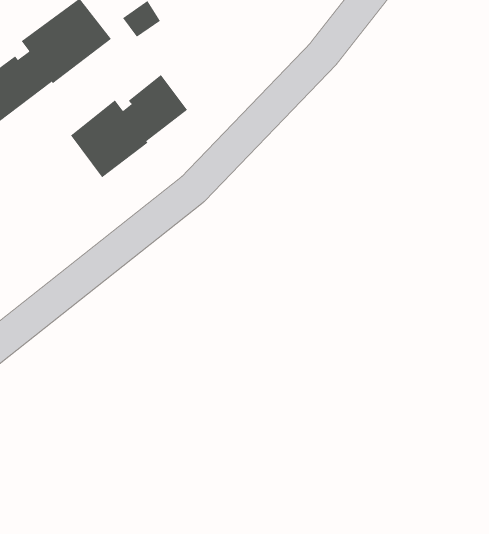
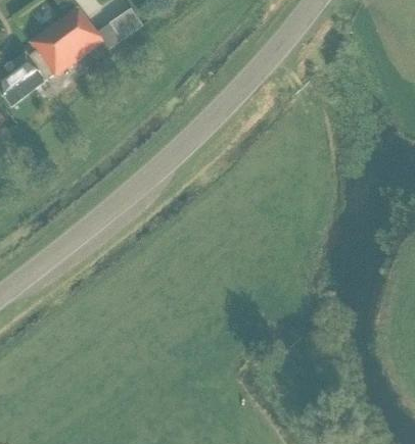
building: [70,74,188,178] -> none

